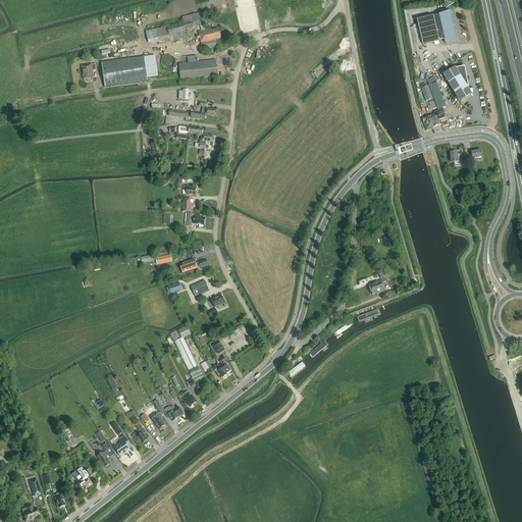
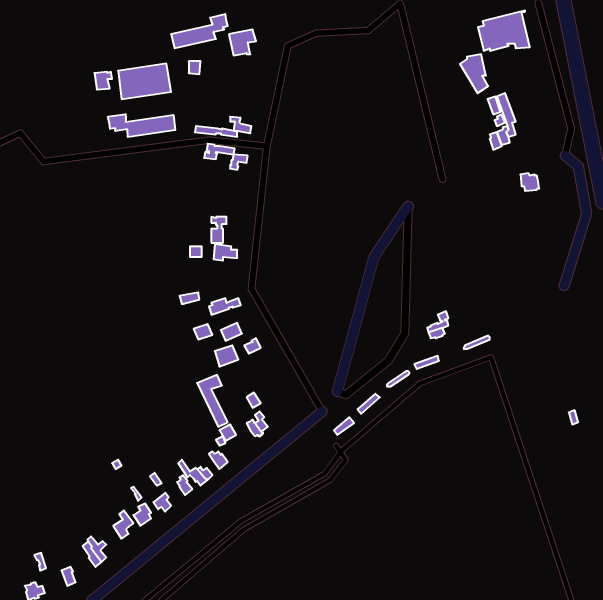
building: [179,54,217,80] -> none
building: [446,65,470,99] -> [460,54,488,93]
building: none -> [108,114,175,137]

